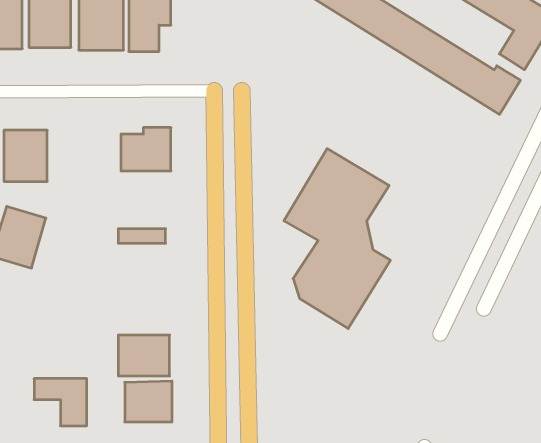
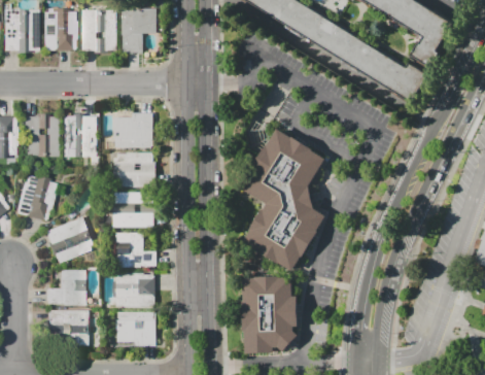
building: none -> [65,116,98,157]
building: none -> [113,152,154,187]
building: none -> [113,206,155,227]
building: none -> [44,215,96,264]
building: none -> [117,233,155,267]
building: none -> [46,269,85,305]
building: none -> [242,276,293,351]

